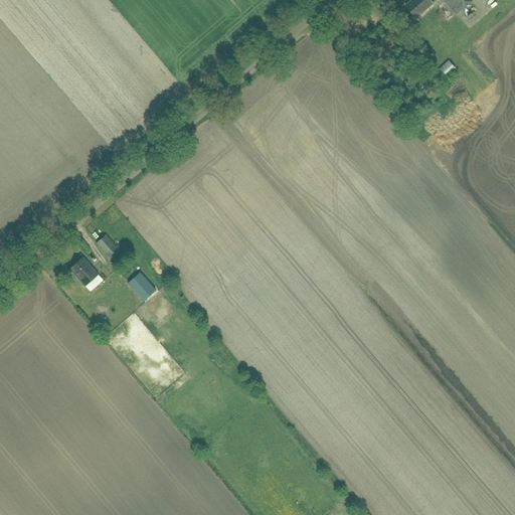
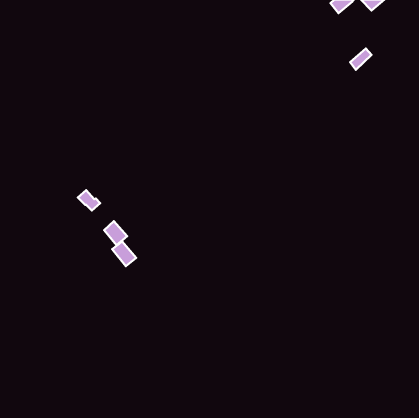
building: [70,256,98,285] -> none
building: none -> [112,242,136,266]

